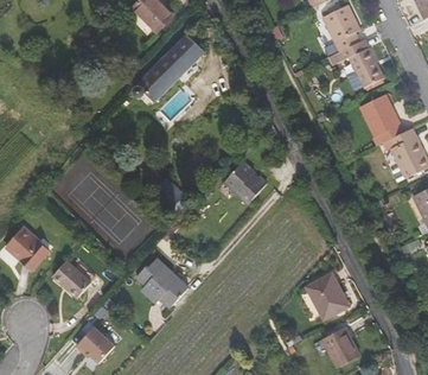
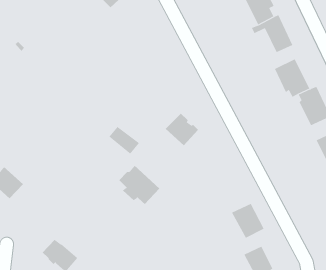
building: [133,34,205,100] -> none
building: [136,258,189,307] -> [118,165,160,205]
building: [53,260,91,297] -> none

